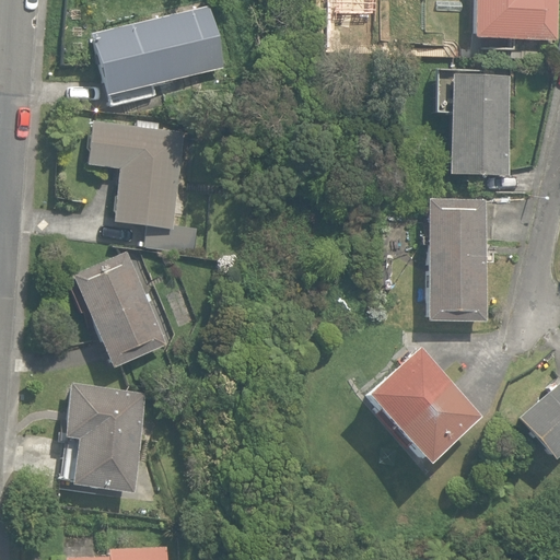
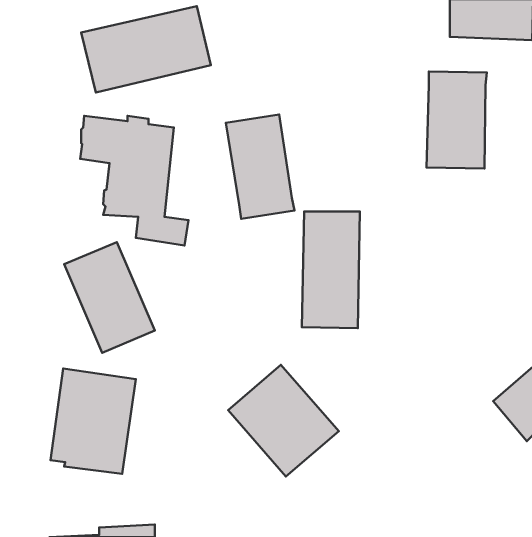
building: none -> [226,114,295,219]
building: [427,199,487,320] -> [302,211,360,328]
building: [363,347,478,463] -> [228,365,339,477]

